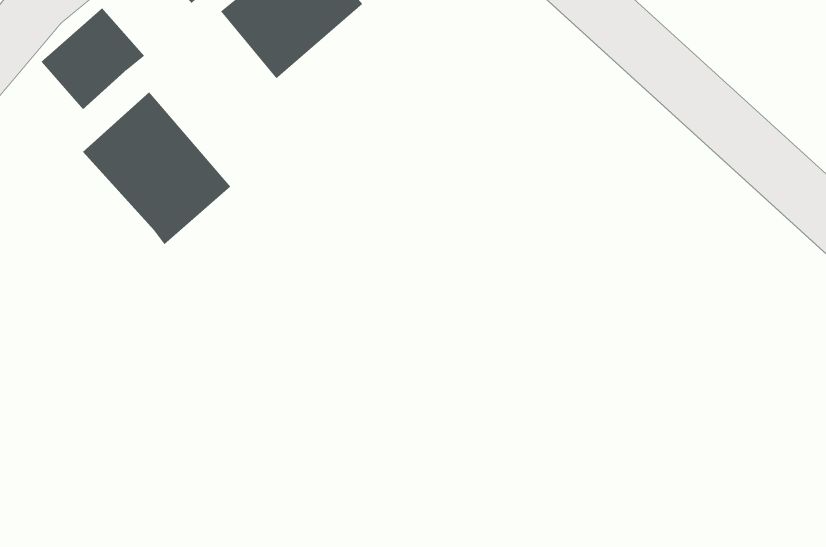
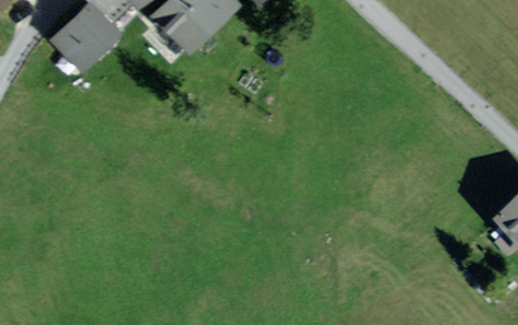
building: [82,92,231,245] -> none

